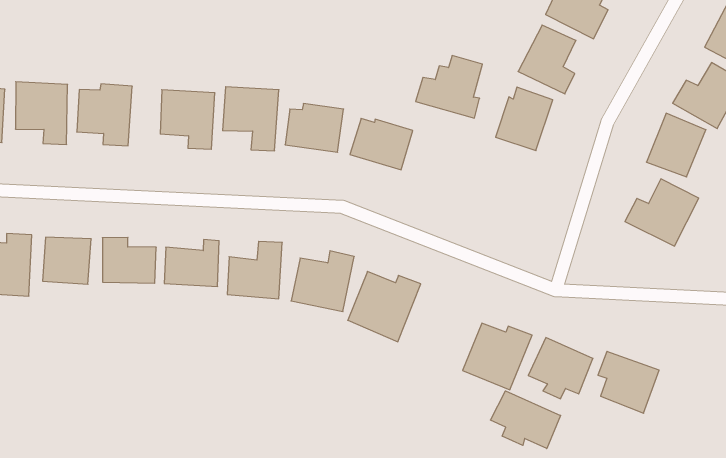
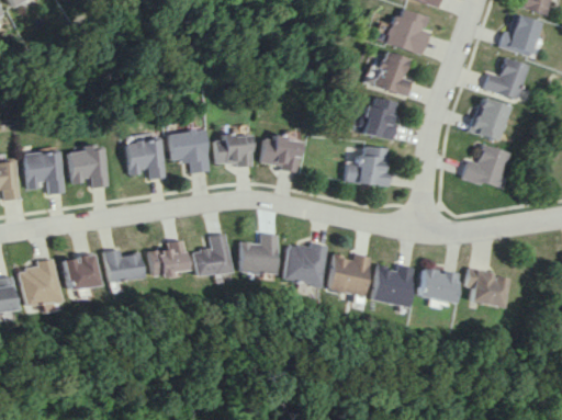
building: [416,56,482,118] -> [347,146,391,186]
building: none -> [326,253,369,296]
building: [490,391,561,449] -> none

